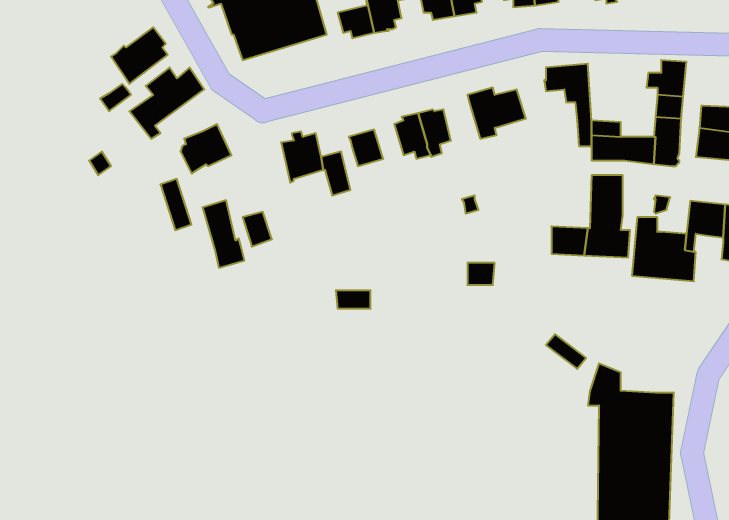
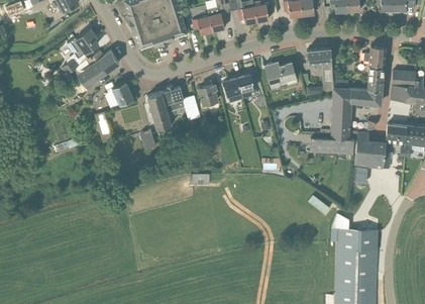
building: [202,200,244,268] -> [147,91,171,128]

